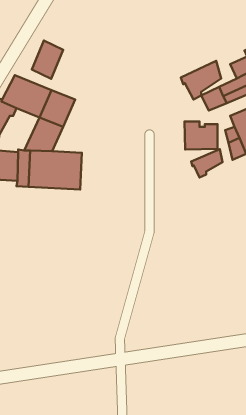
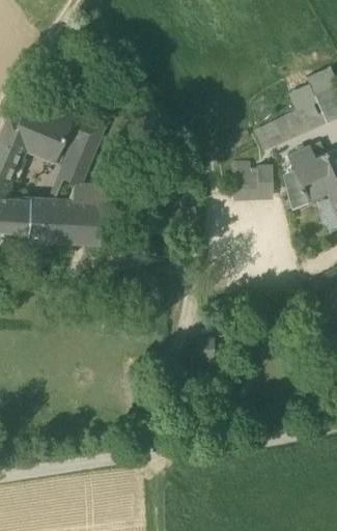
building: [32,40,63,79] -> none
building: [181,61,221,100] -> none
building: [191,149,223,177] -> none

